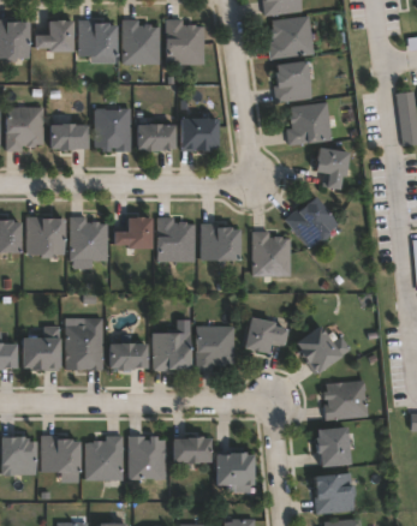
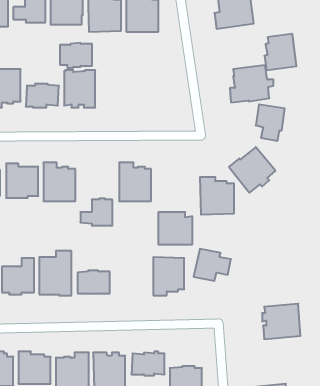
building: [274,62,311,104] -> [264,34,297,70]
building: [180,120,218,153] -> none
building: [137,125,174,154] -> [60,43,92,68]
building: [114,215,151,246] -> [80,199,112,226]
building: [201,222,240,259] -> [158,212,192,244]
building: [297,323,350,375] -> none
building: [153,331,191,370] -> none
building: [315,425,351,466] -> none

